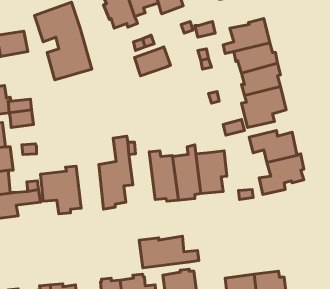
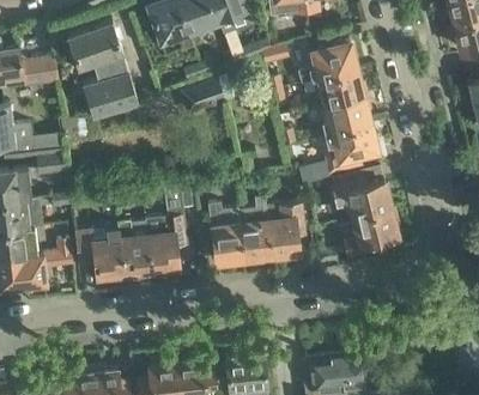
building: none -> [117,221,151,278]
building: [139,236,199,268] -> none

